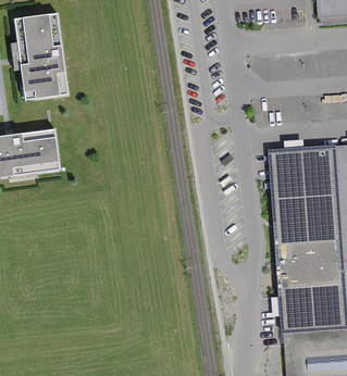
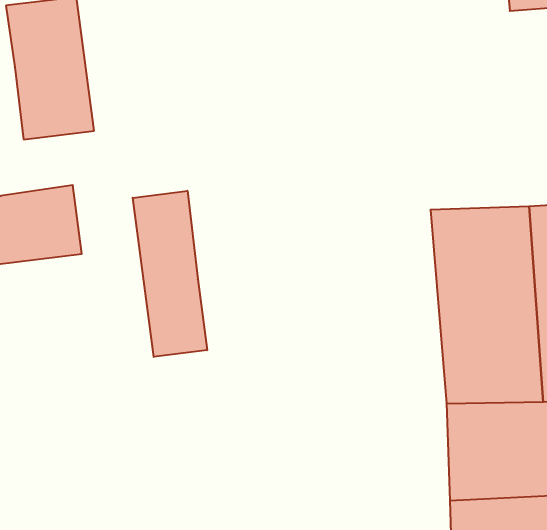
building: none -> [133,191,207,357]

